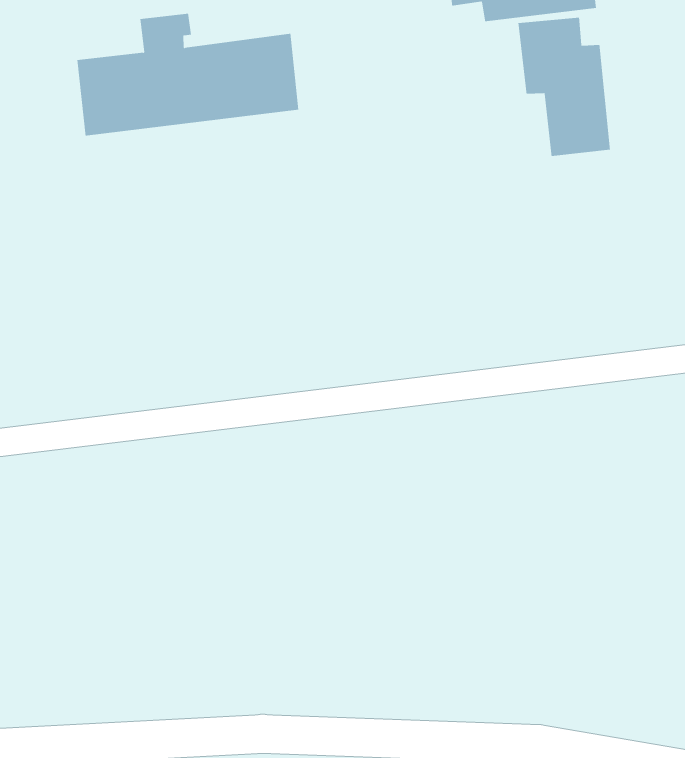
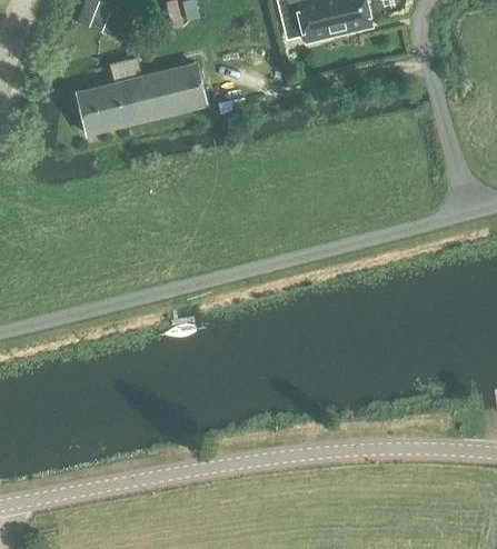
building: [518,17,611,157] -> none

